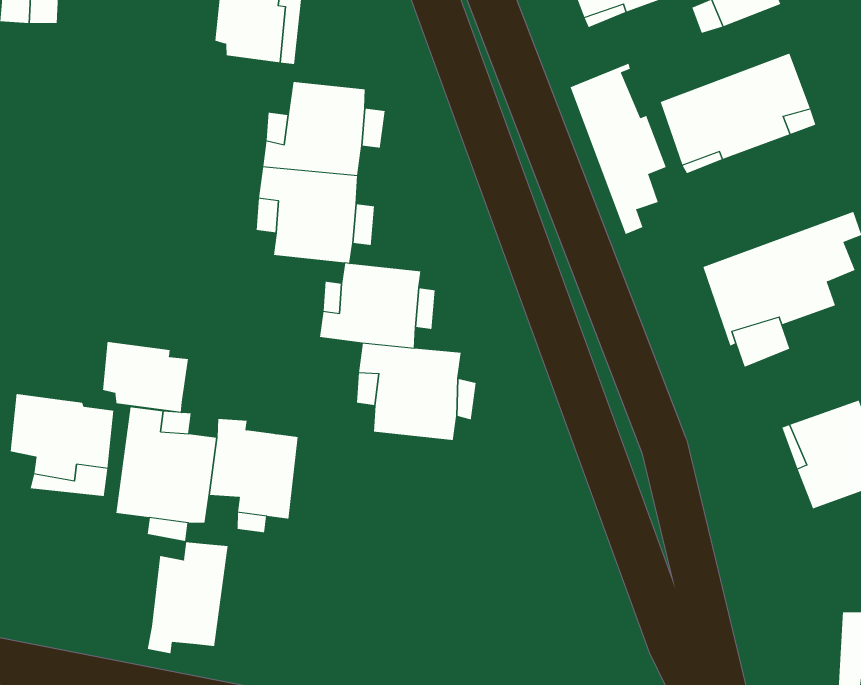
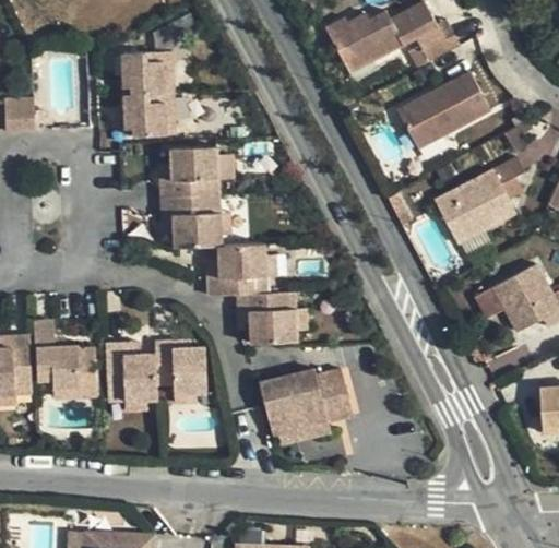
building: [570,63,666,235] -> none
building: [102,341,188,413] -> none
building: none -> [280,367,359,422]
building: [147,541,228,654] -> none

